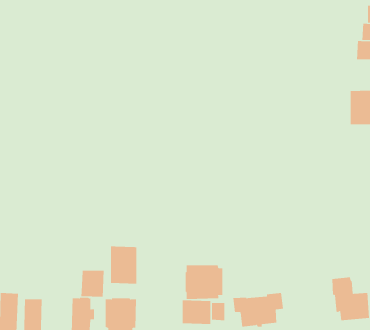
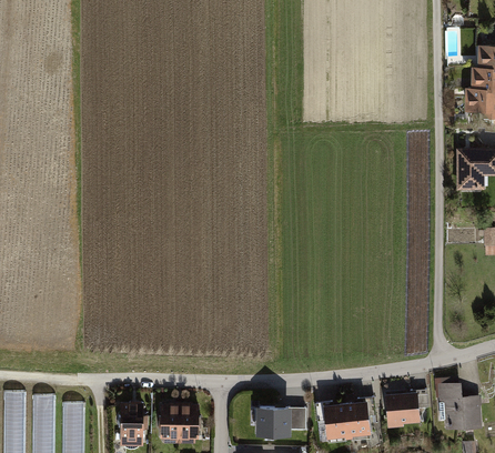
building: [110,246,137,285] -> none
building: [185,264,223,300] -> none
building: [81,270,104,297] -> none
building: none -> [385,389,428,427]

